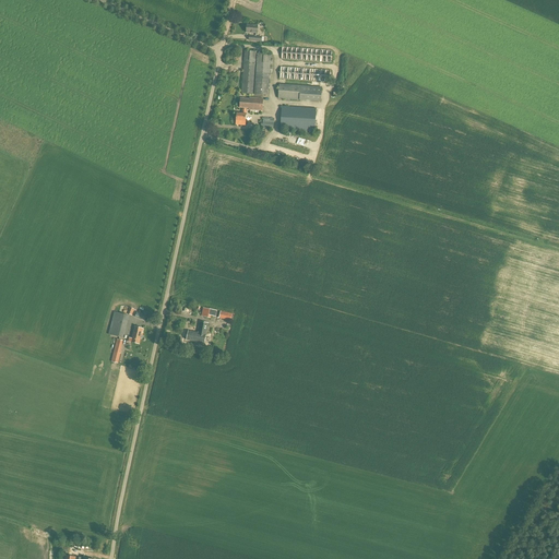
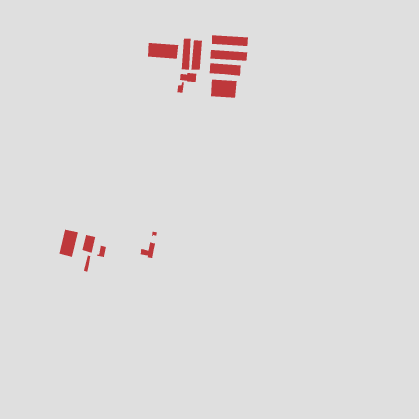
building: none -> [147,42,179,60]
building: none -> [59,229,79,258]

